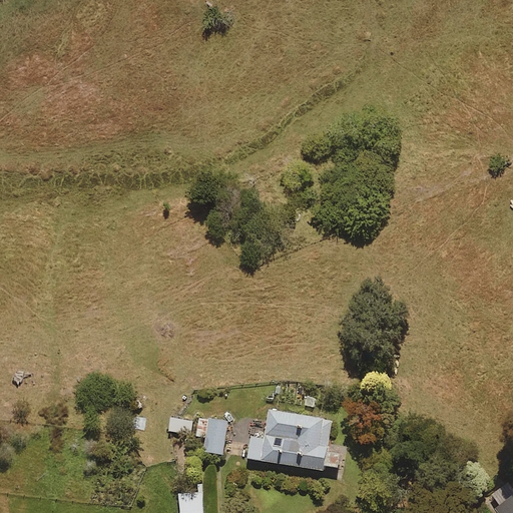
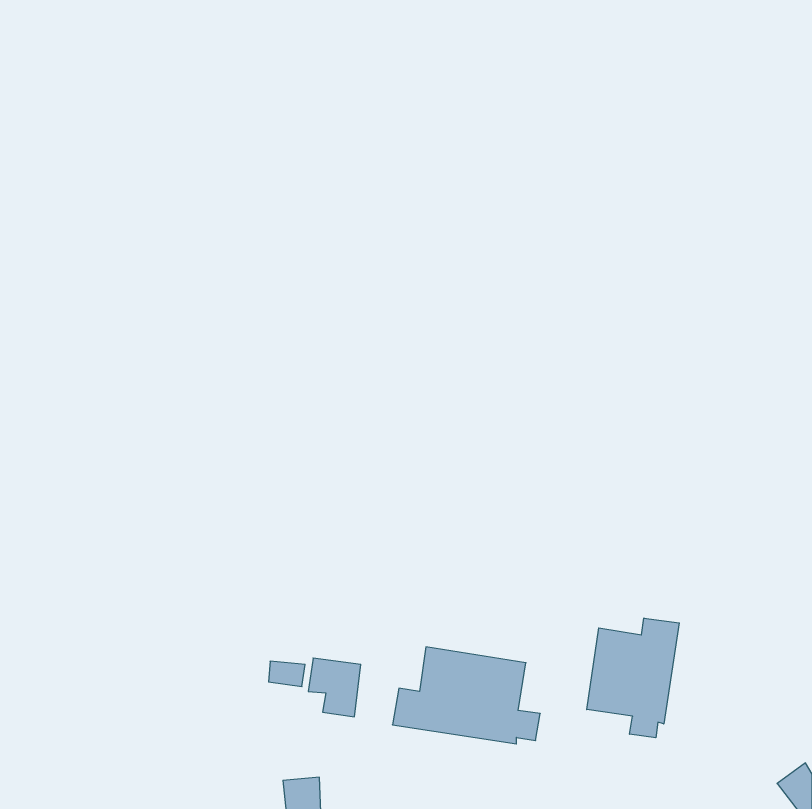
building: none -> [587,618,679,738]

